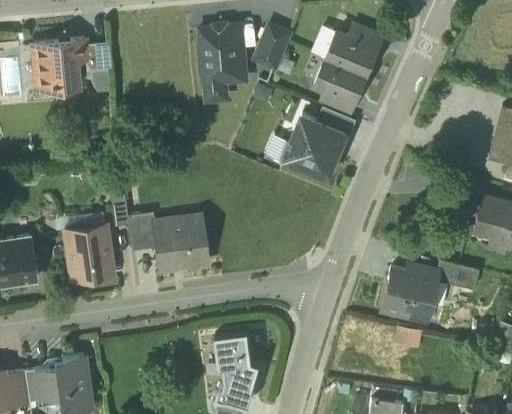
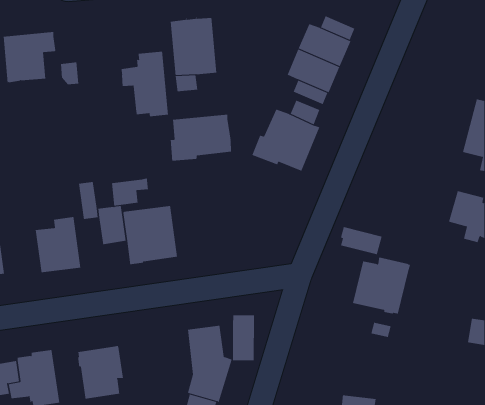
building: [256,27,288,68] -> none
building: [83,43,110,72] -> none
building: none -> [121,51,169,117]
building: none -> [170,114,231,162]
building: none -> [111,177,149,207]
building: [435,260,477,288] -> [340,227,383,255]
building: none -> [232,314,254,361]
building: none -> [78,345,124,400]

